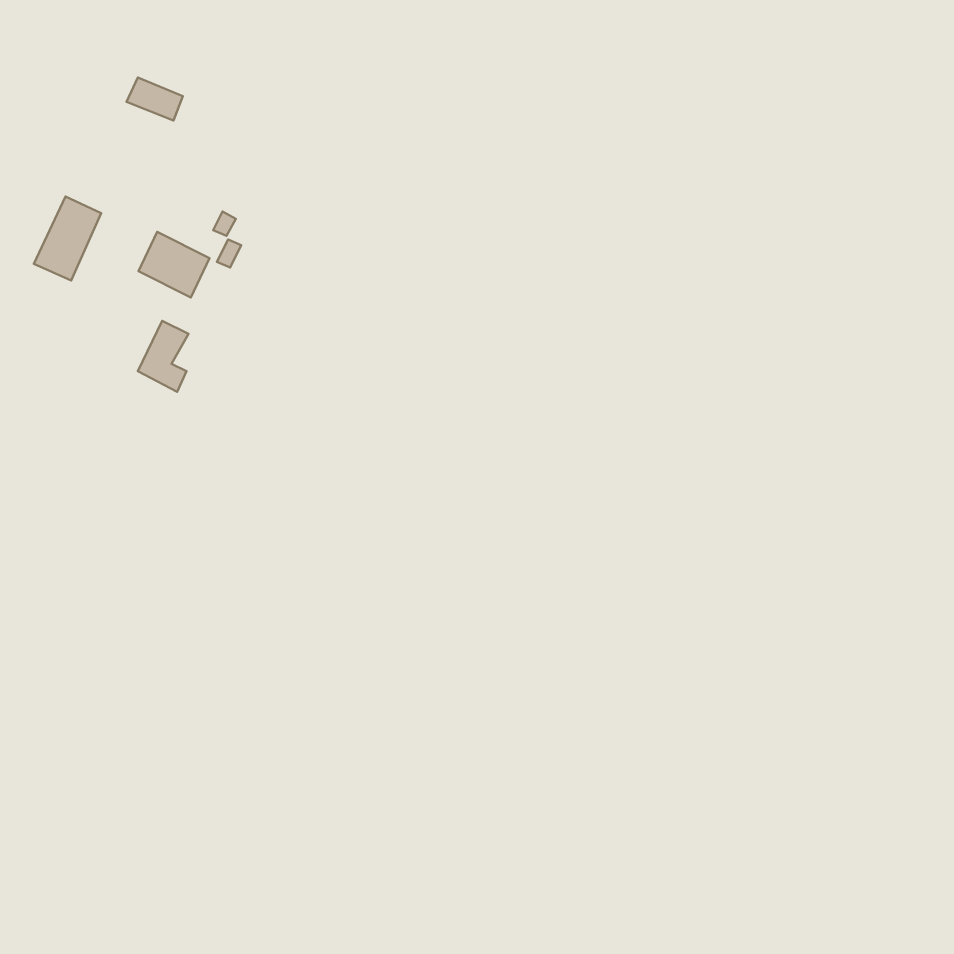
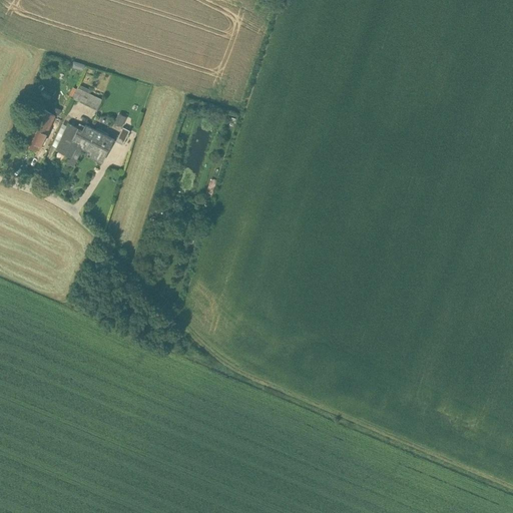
building: [127,78,183,121] -> [73,86,103,109]
building: [138,321,188,392] -> [56,123,83,161]

